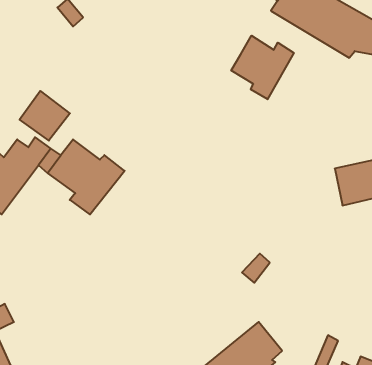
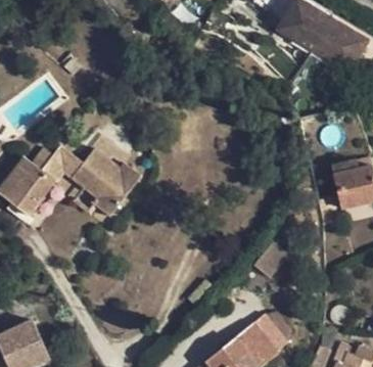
building: [231,36,294,99] -> none
building: [20,91,70,141] -> none

